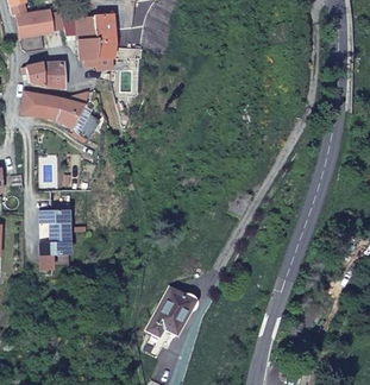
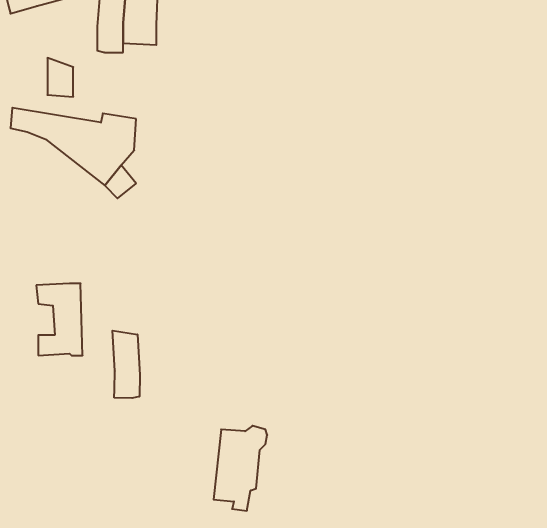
building: [23,63,48,88] -> none
building: none -> [112,331,140,398]

